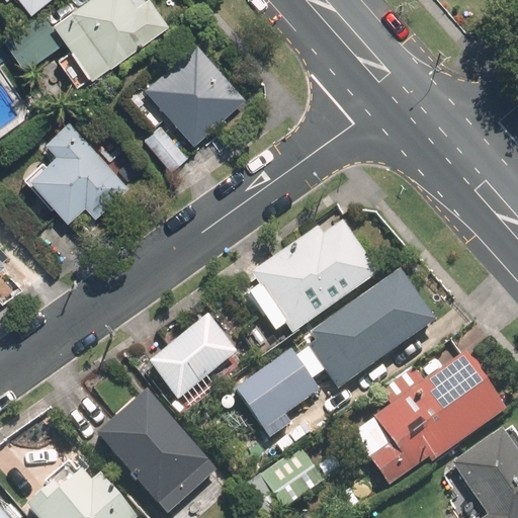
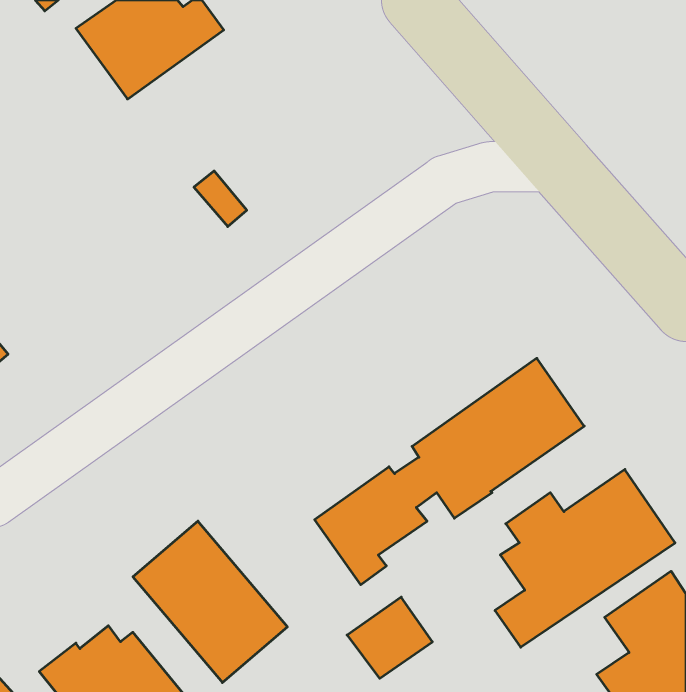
building: [148,47,244,143] -> none
building: [34,121,124,220] -> none
building: [251,223,377,332] -> none
building: [149,315,237,397] -> none

